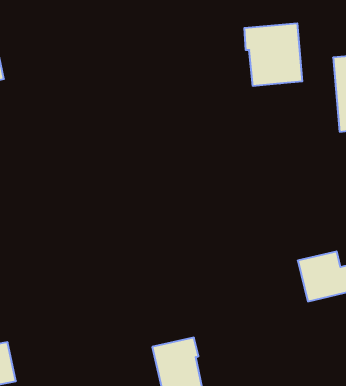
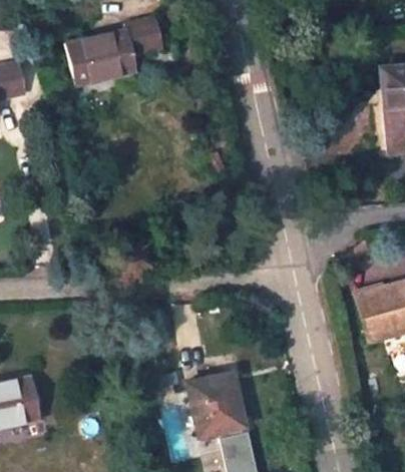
building: none -> [66,16,162,84]
building: [244,23,302,86] -> none

